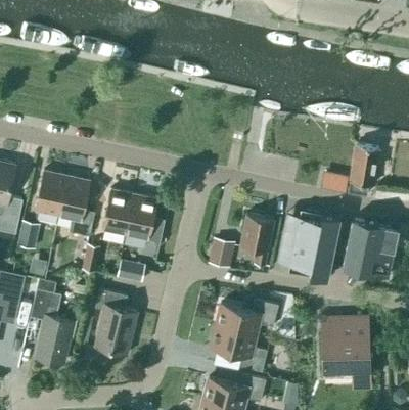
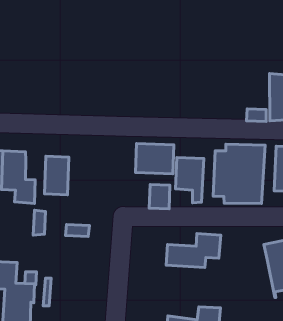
building: none -> [136,143,174,174]
building: [126,194,157,238] -> none
building: [94,289,137,355] -> none
building: [211,324,267,370] -> none

